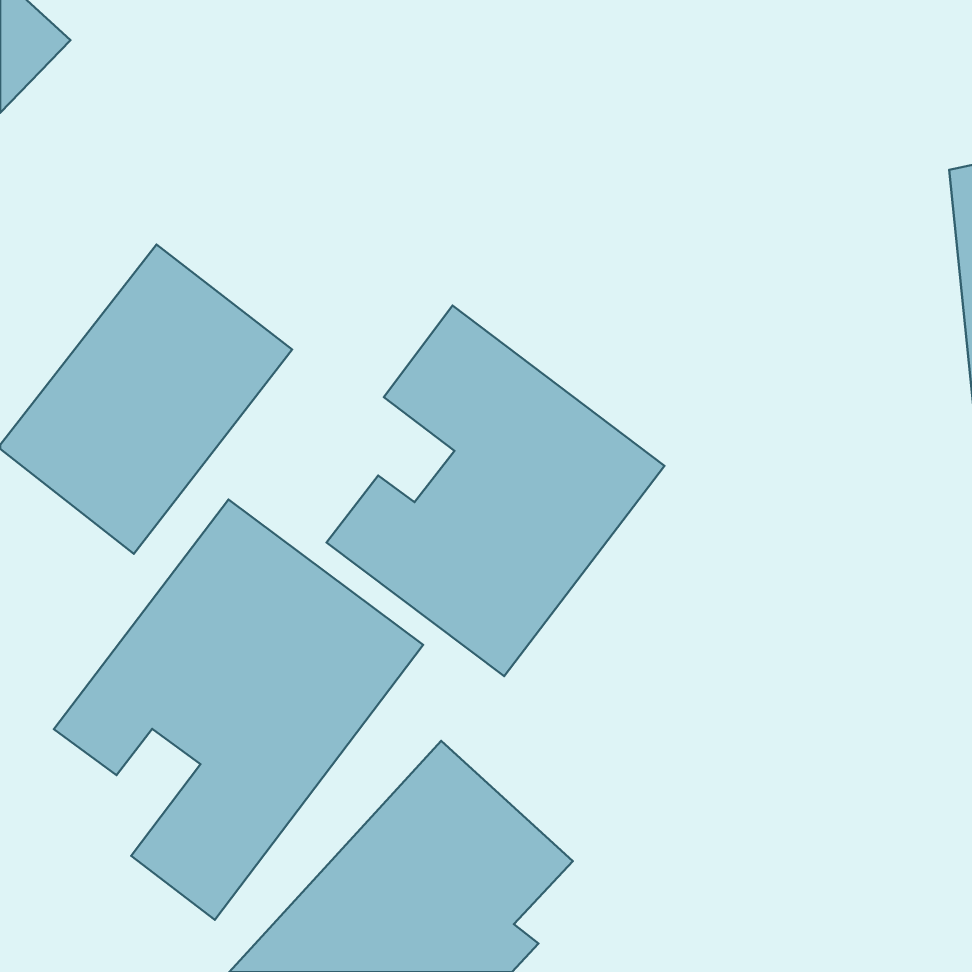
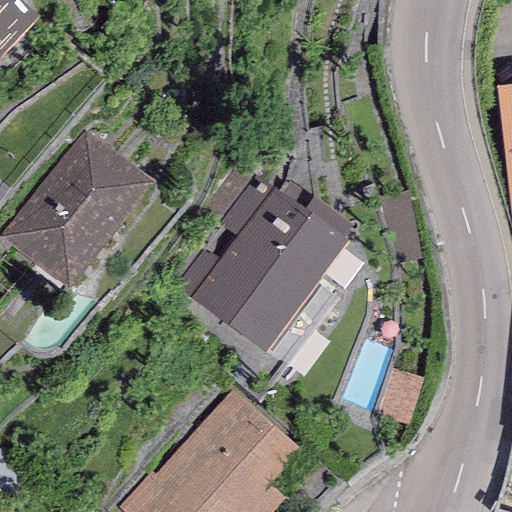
building: [54,499,423,920] -> none

